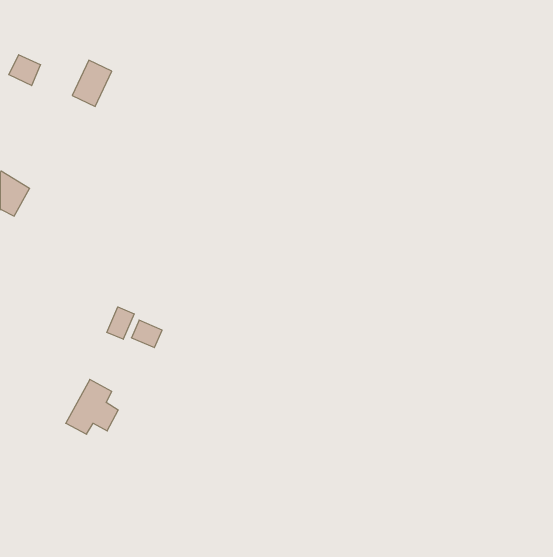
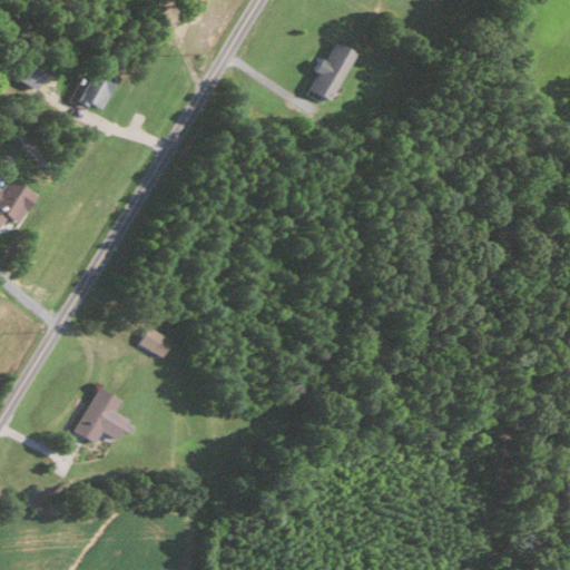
building: none -> [311,42,357,102]
building: [107,307,134,339] -> none

